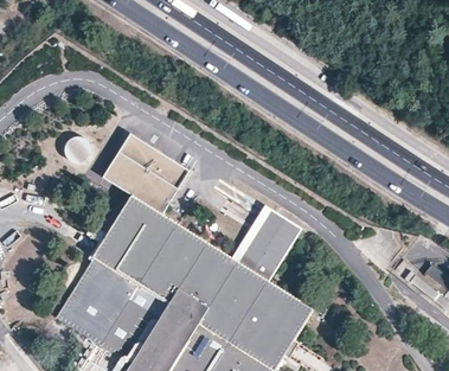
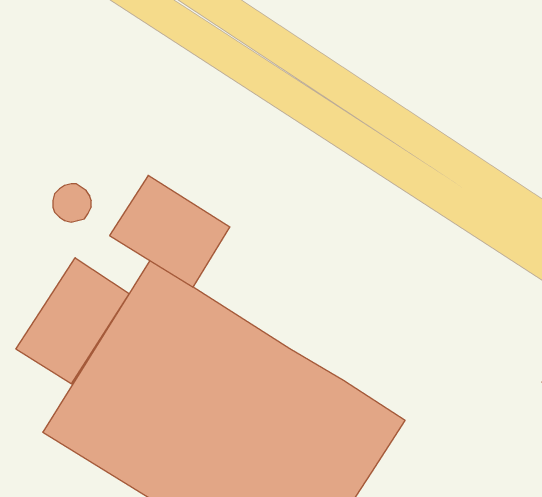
building: none -> [16,258,129,384]
building: [230,205,301,281] -> none

